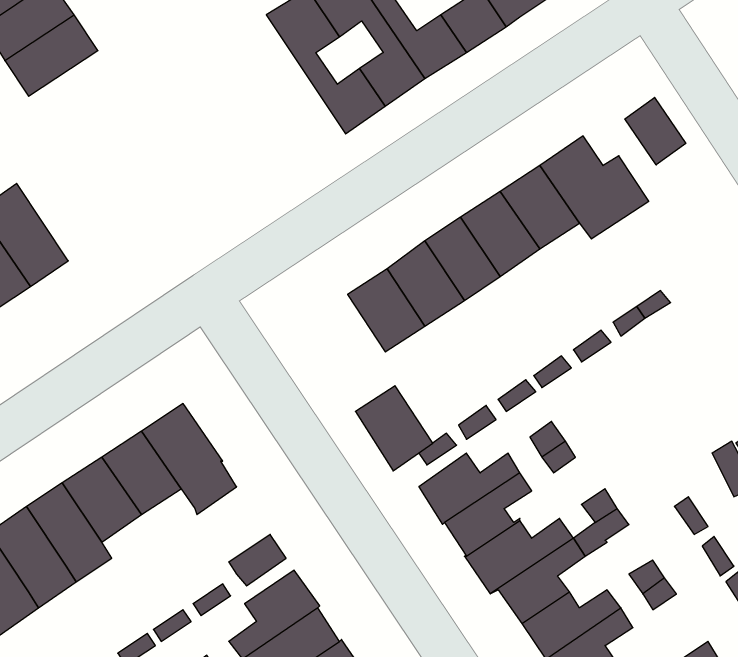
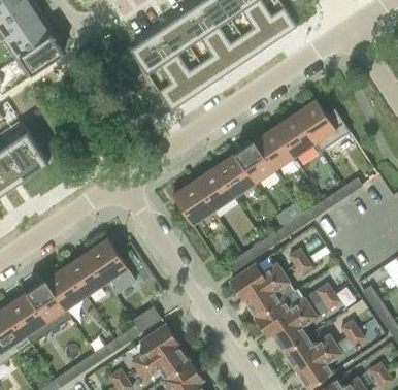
building: none -> [130,35,192,110]
building: [625,97,686,165] -> none
building: [355,386,433,471] -> [172,181,212,225]

